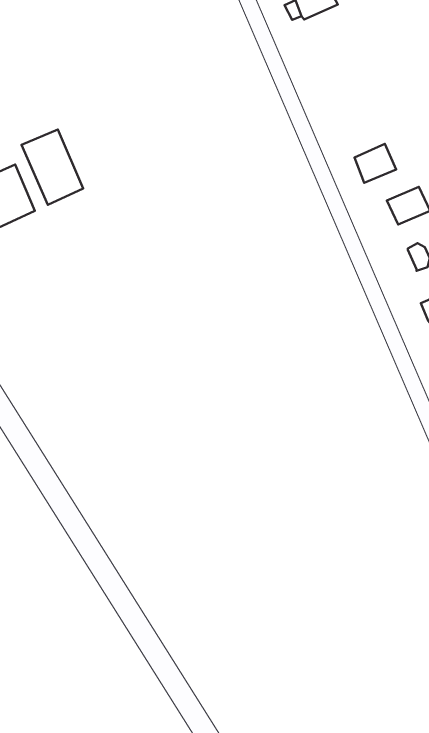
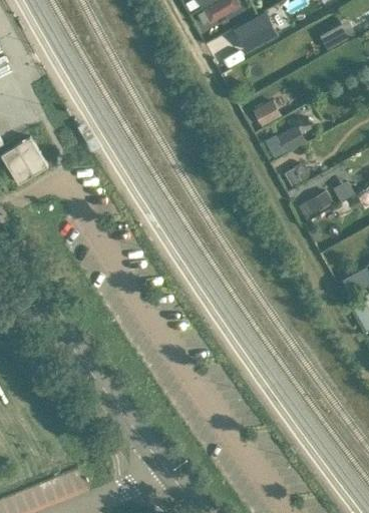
building: none -> [234,13,278,52]
building: [21,130,83,205] -> none

